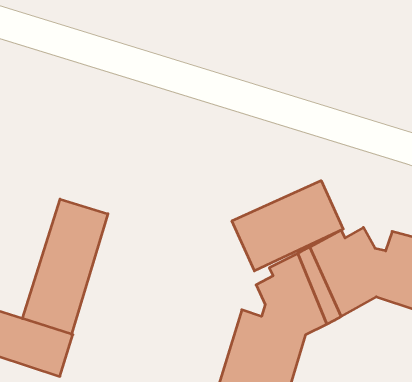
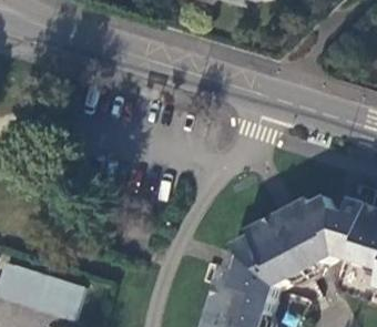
building: [232,181,343,271] -> none
building: [22,199,108,334] -> none

